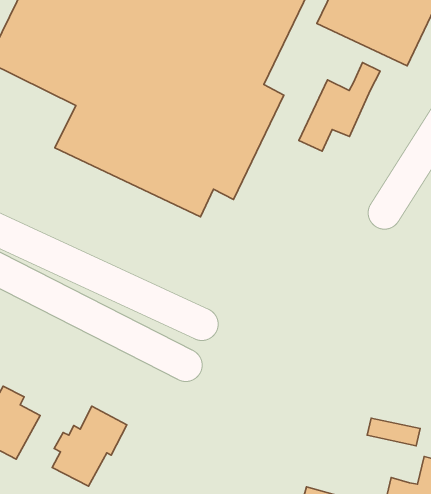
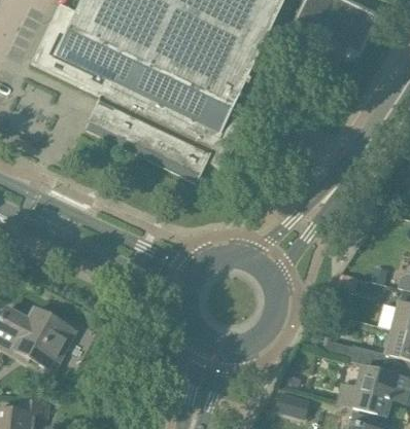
building: [299,62,380,151] -> none
building: [52,406,127,486] -> none

